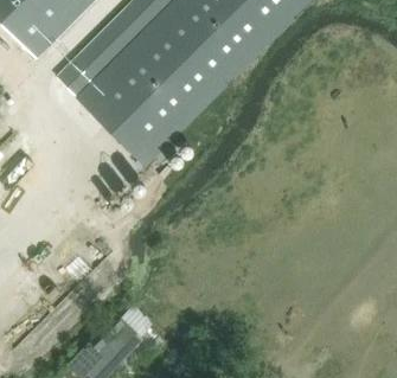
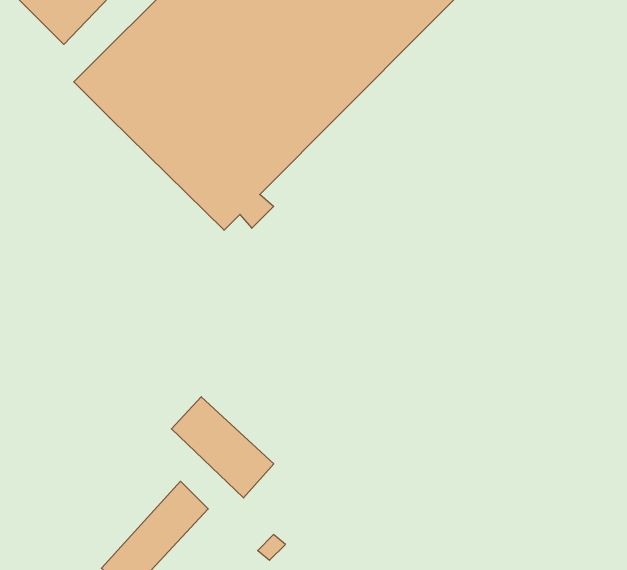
building: none -> [171,397,274,498]

